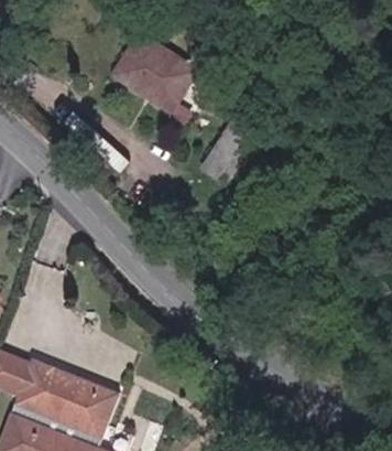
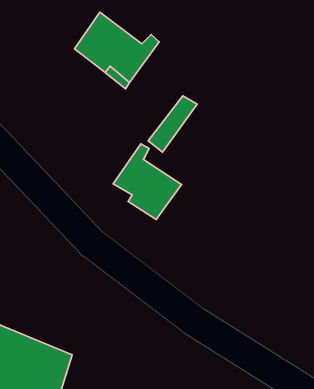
building: none -> [113,144,182,220]

